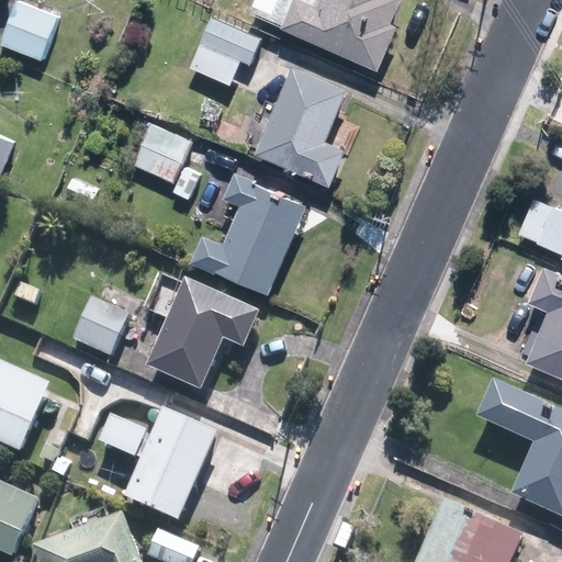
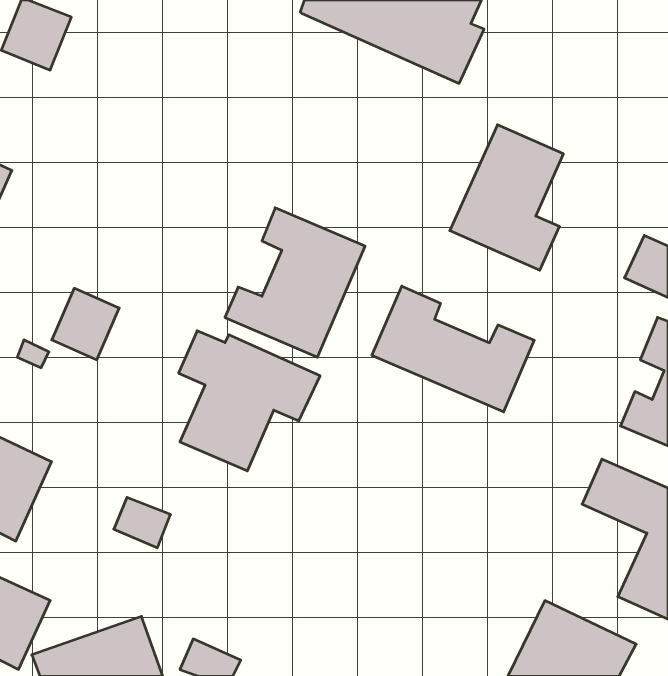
building: [192,13,262,85] -> none
building: [258,64,352,184] -> [450,125,563,270]
building: [135,121,194,182] -> none
building: none -> [372,286,534,412]
building: [75,297,131,357] -> [52,288,119,360]
building: [119,406,213,519] -> none

